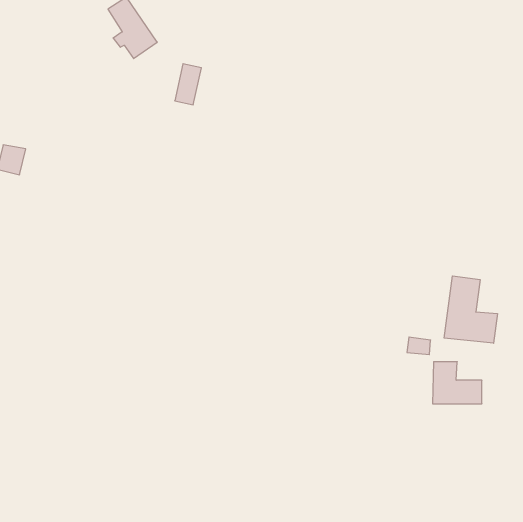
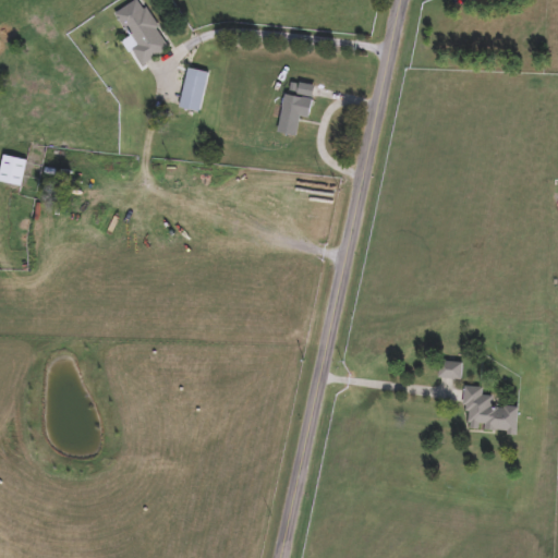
building: none -> [279,81,316,135]
building: [444,276,497,343] -> none

